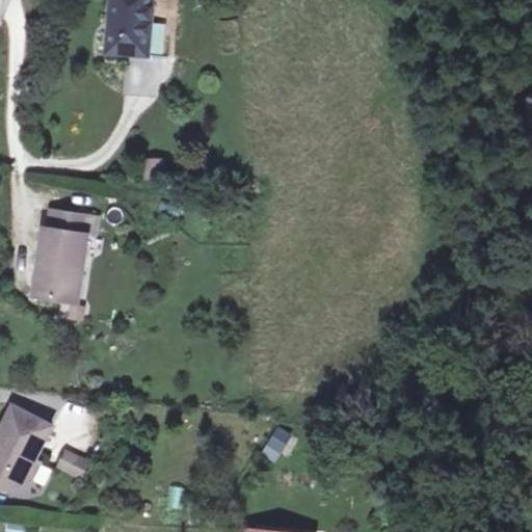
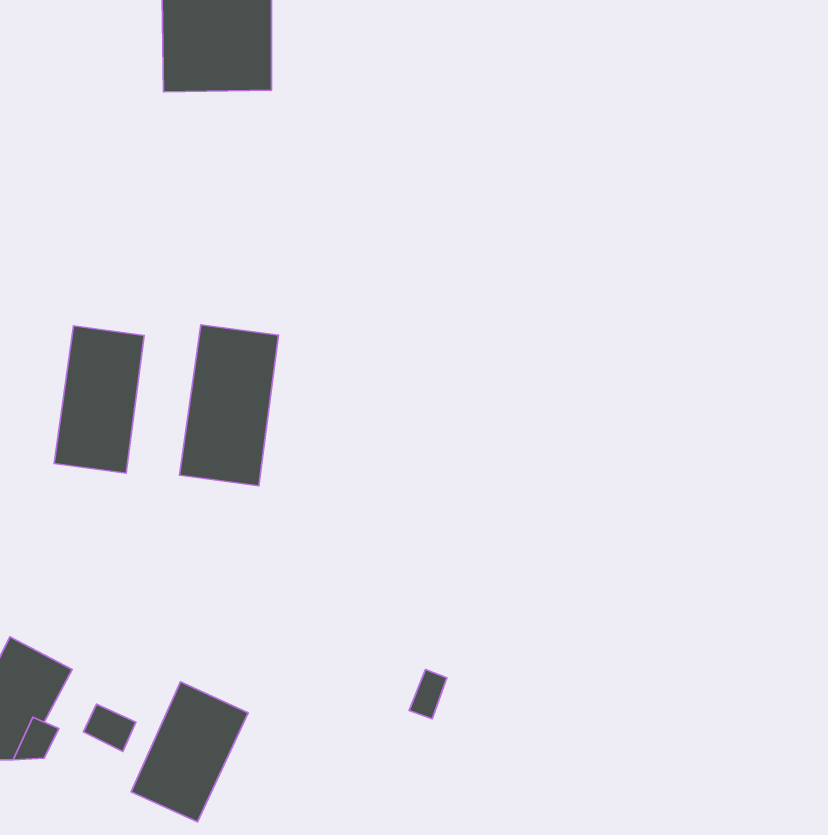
building: none -> [180,325,278,486]
building: none -> [131,682,248,822]

